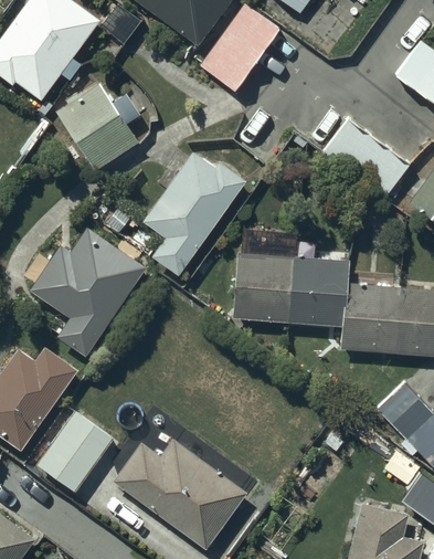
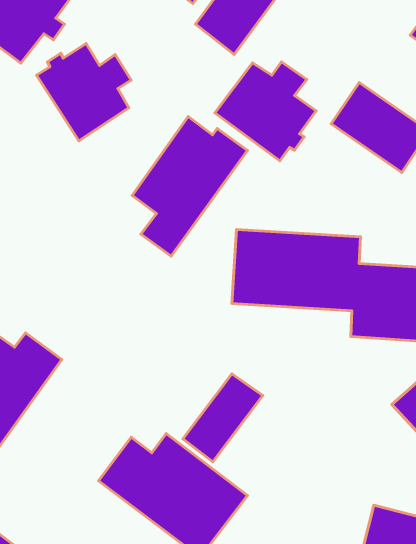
building: none -> [215,62,316,161]
building: [30,225,147,360] -> none
building: none -> [183,374,263,462]
building: [36,410,116,494] -> none

